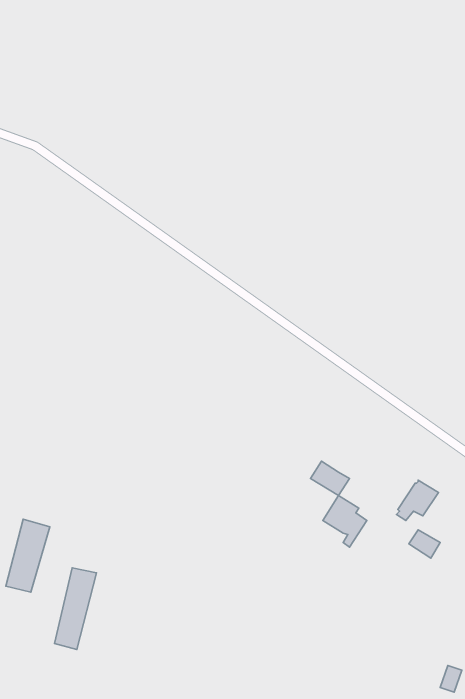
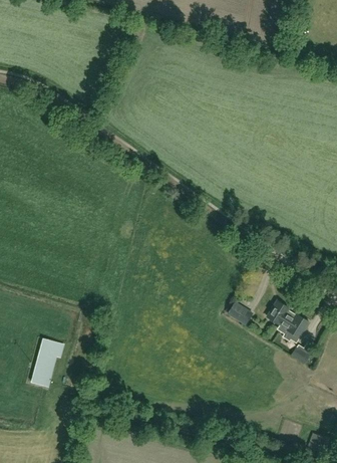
building: [323,496,367,547] -> [266,300,294,333]
building: [54,568,97,649] -> none

